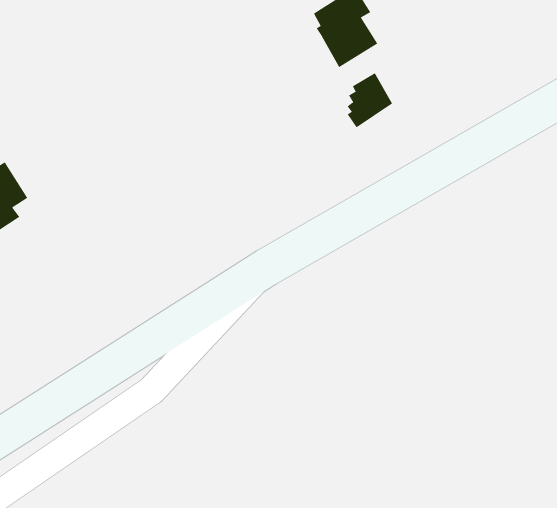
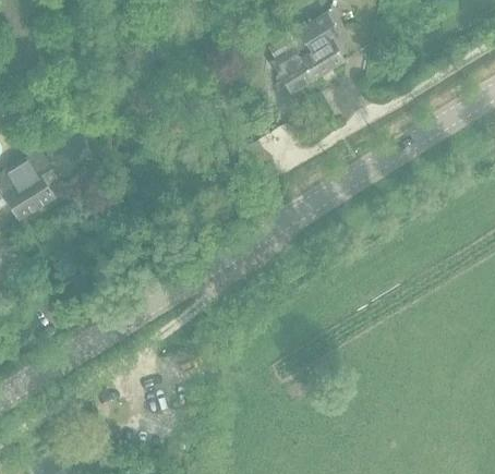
building: [347,72,393,128] -> [273,52,310,97]

